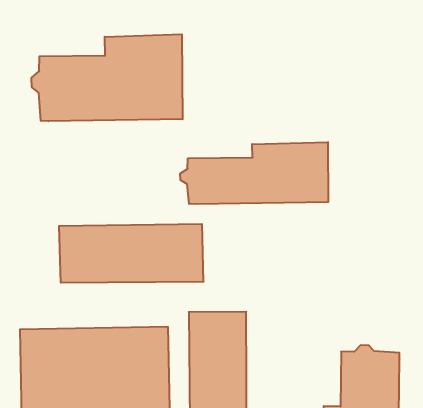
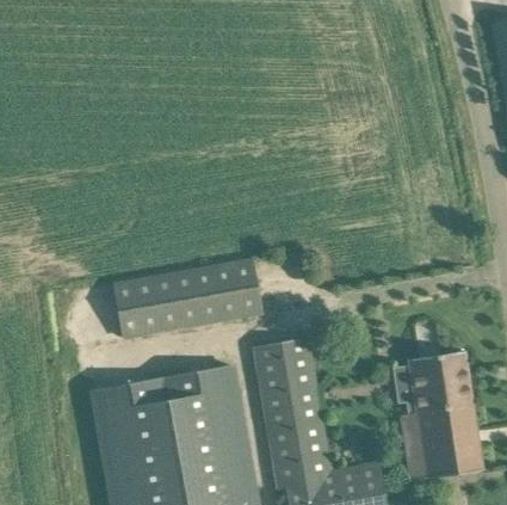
building: [32,34,183,121] -> none
building: [180,142,328,204] -> none

